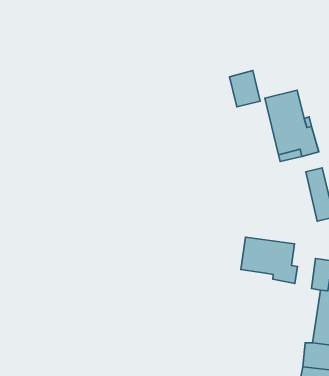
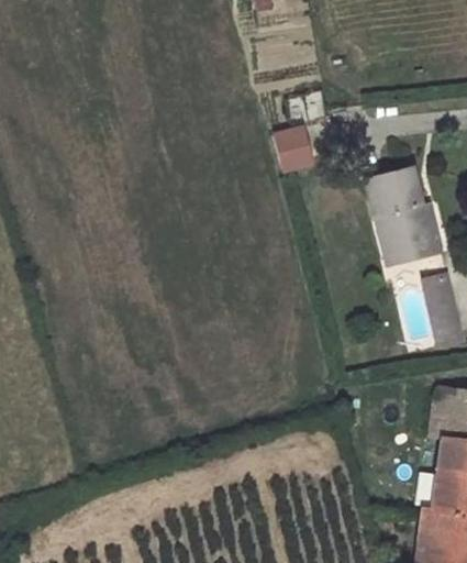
building: [229,70,260,107] -> [273,123,314,173]
building: [241,237,298,283] -> none

